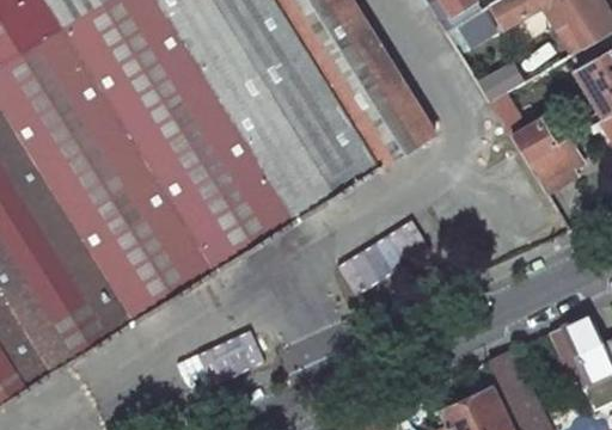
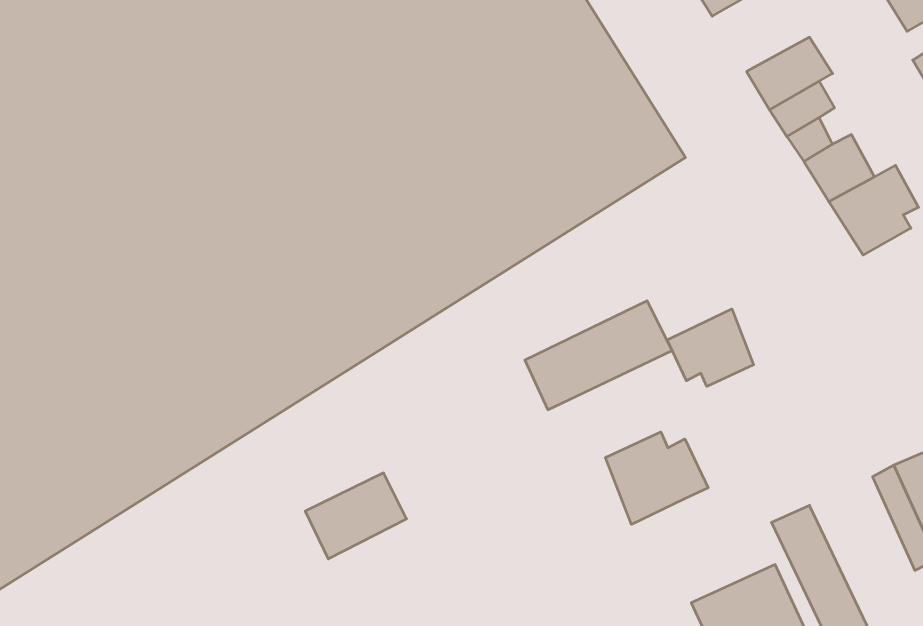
building: none -> [667,309,754,386]
building: none -> [605,432,708,524]

